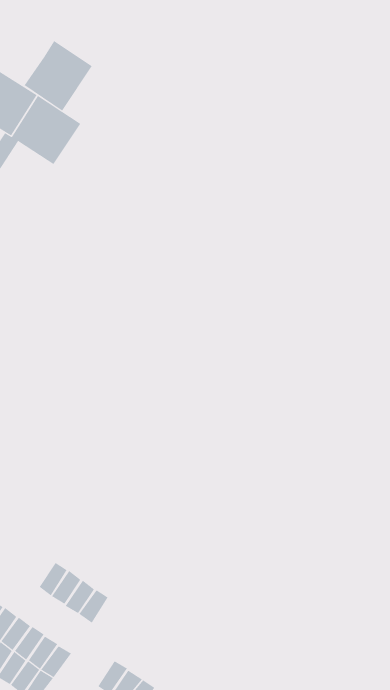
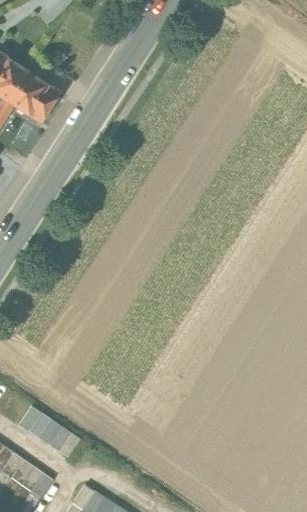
building: [24,40,92,111] -> none

